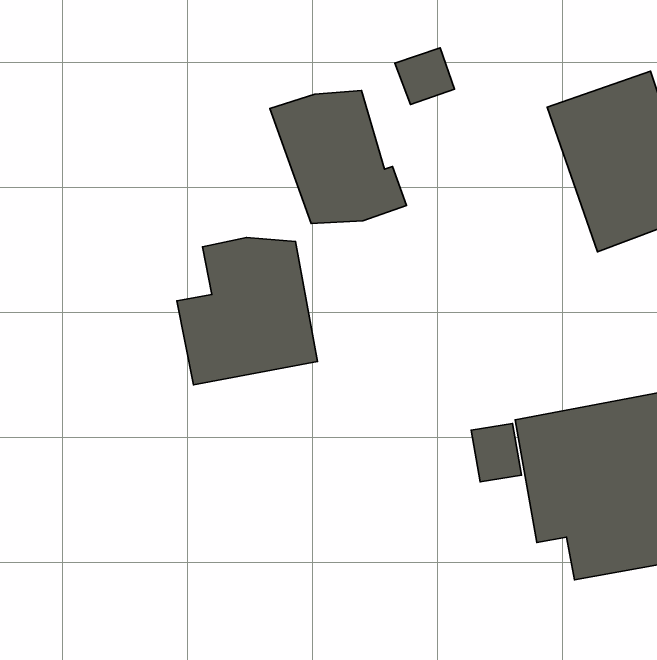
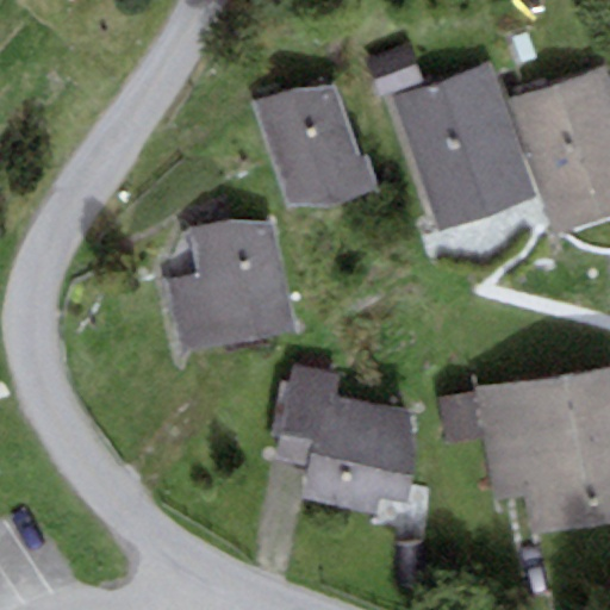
building: none -> [393,63,536,230]
building: none -> [276,369,419,518]

